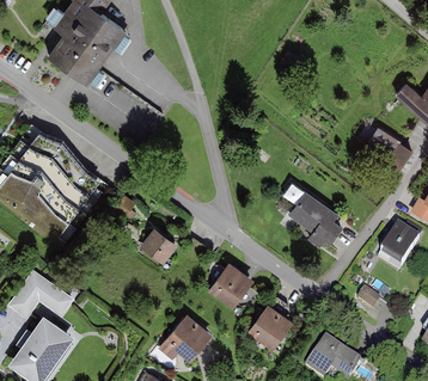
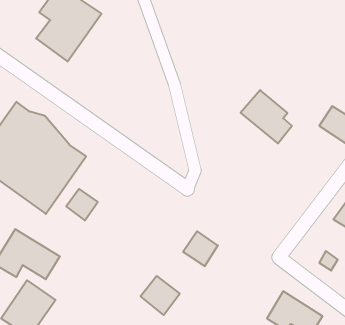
building: [285,186,341,245] -> [241,90,292,143]
building: [142,228,177,263] -> [66,189,98,220]
building: [245,302,289,346] -> none

